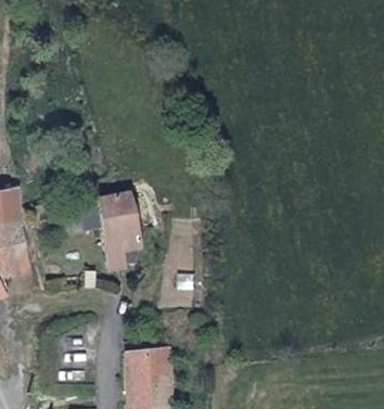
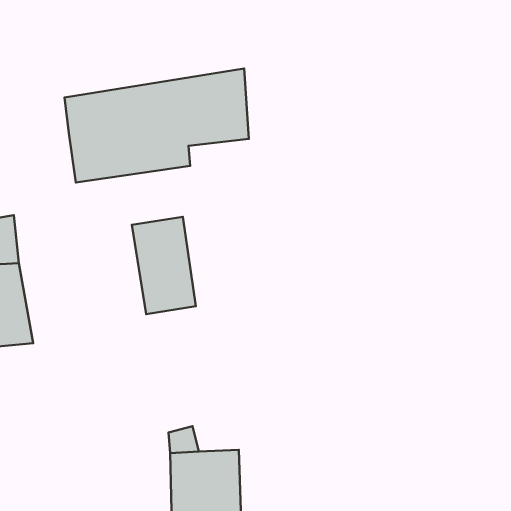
building: none -> [64,69,249,183]

